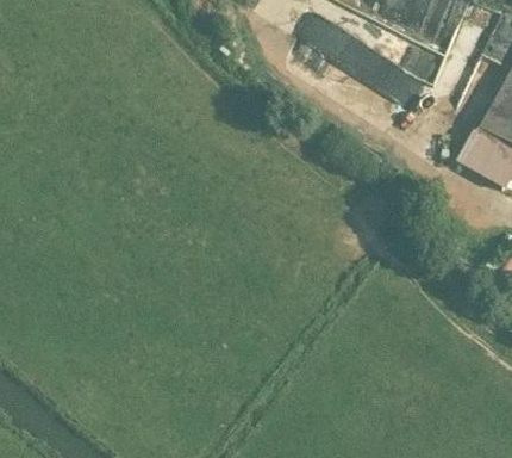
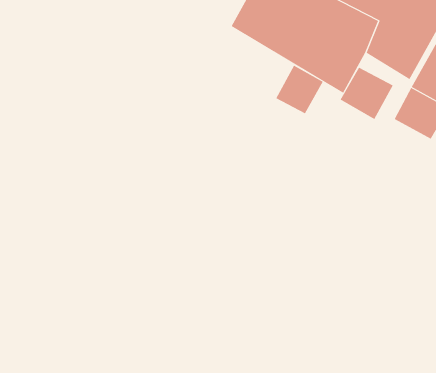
building: none -> [275,65,323,114]
building: none -> [340,67,394,120]

